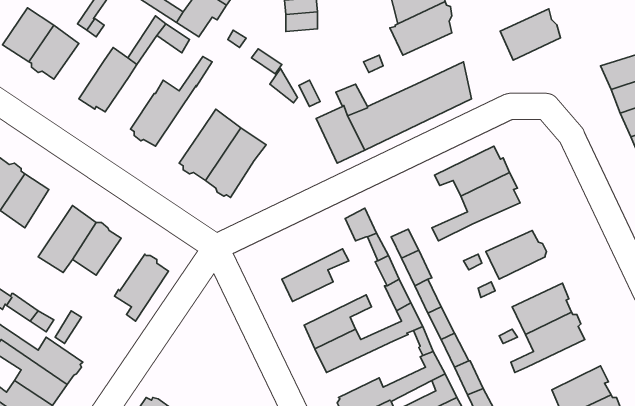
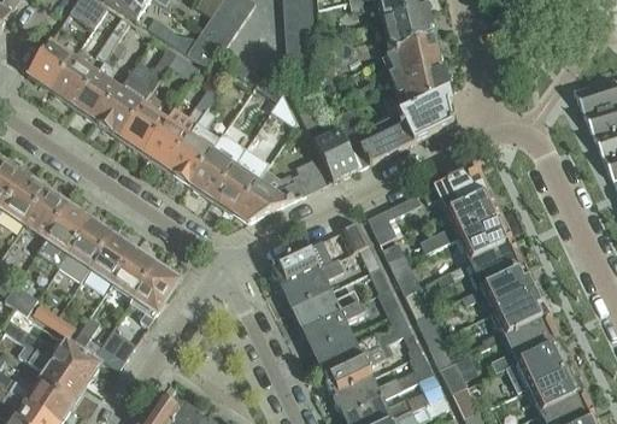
building: [500,9,561,60] -> [393,63,448,110]
building: none -> [74,72,119,123]
building: none -> [121,102,165,151]
building: none -> [166,111,219,183]
building: none -> [235,159,327,222]
building: none -> [368,195,419,243]
building: none -> [39,206,90,267]
building: none -> [457,218,511,263]
building: none -> [270,241,333,288]
building: none -> [112,251,157,299]
building: none -> [481,267,539,313]
building: none -> [292,290,359,330]
building: none -> [95,328,136,369]
building: none -> [506,343,574,394]
building: none -> [323,344,389,396]

